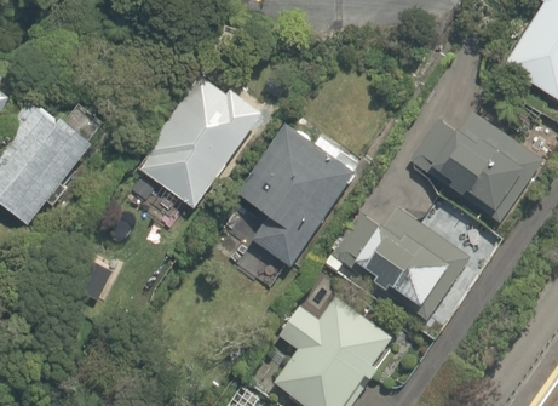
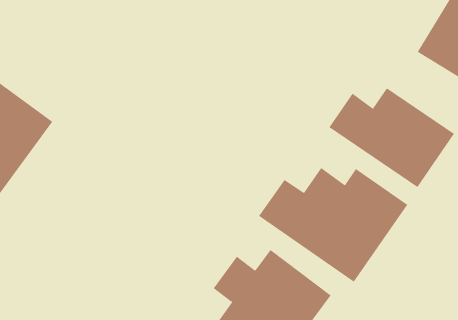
building: [133,69,268,210] -> none
building: [230,119,351,265] -> none

